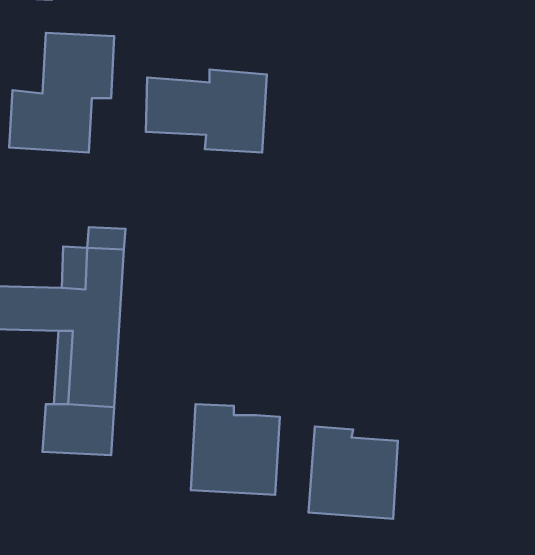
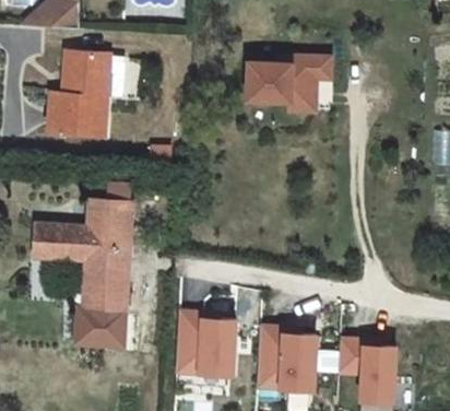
building: [146,70,267,152] -> [248,56,331,113]
building: none -> [336,337,400,400]

